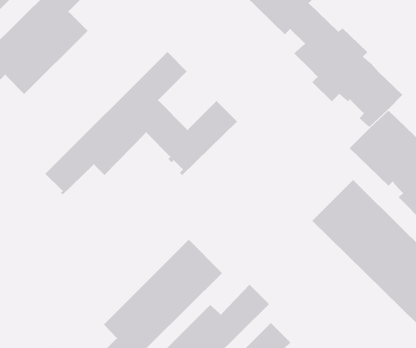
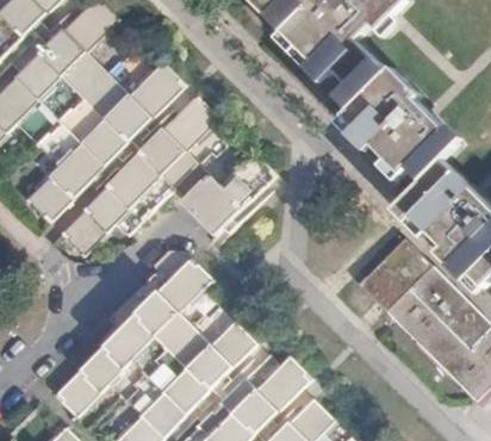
building: none -> [24,62,185,222]
building: none -> [52,242,219,418]

